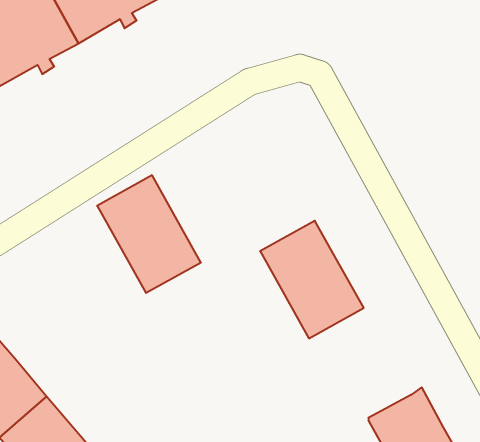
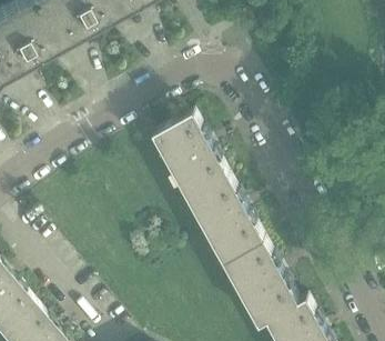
building: [97,175,201,293] -> [155,116,231,201]
building: none -> [226,242,301,330]

